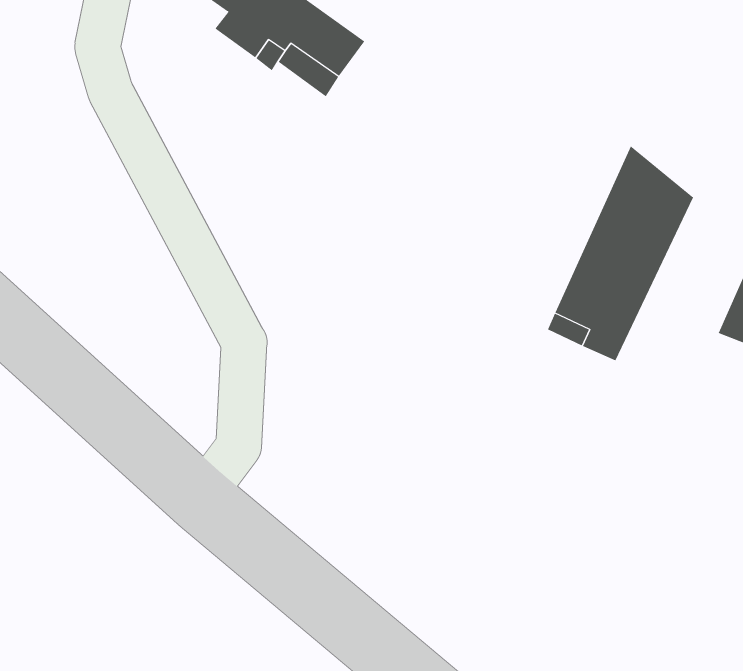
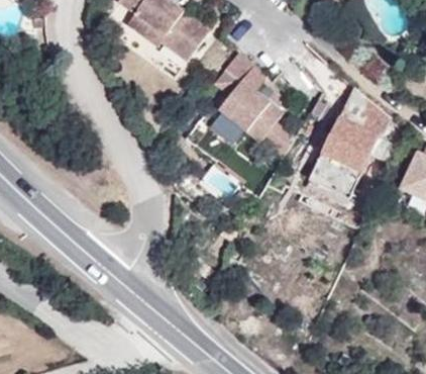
building: none -> [214,52,295,157]

